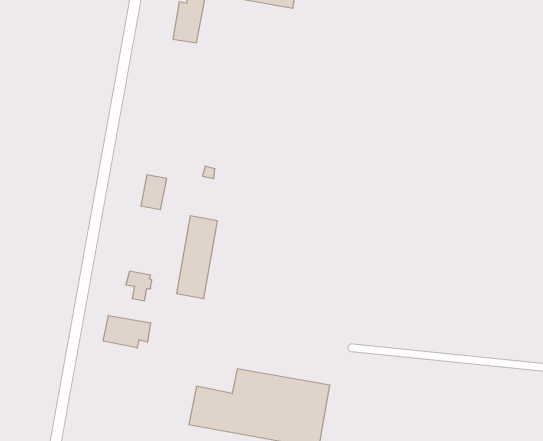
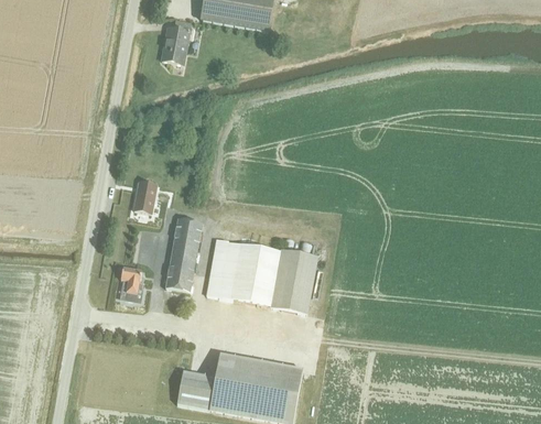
building: none -> [206,238,318,312]
building: [103,315,151,348] -> none

